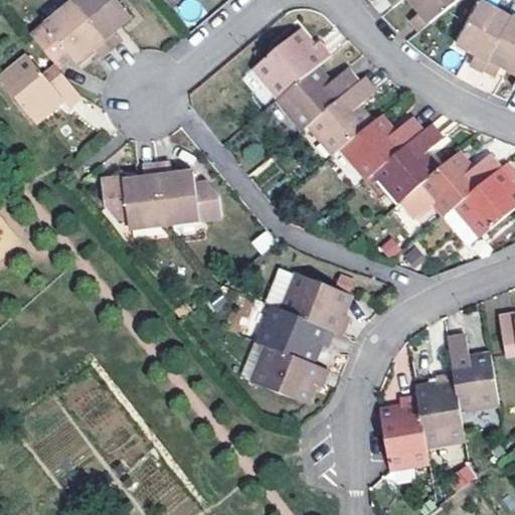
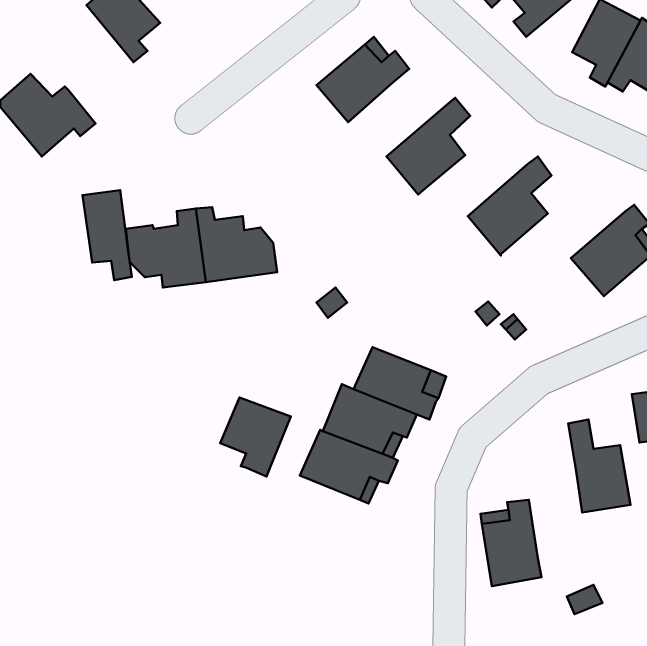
building: [28,4,108,71] -> none
building: [276,65,356,129] -> none
building: [340,116,419,177] -> none
building: none -> [82,190,132,280]
building: [398,152,497,217] -> none
building: none -> [220,397,291,476]
building: [419,371,467,442] -> none

